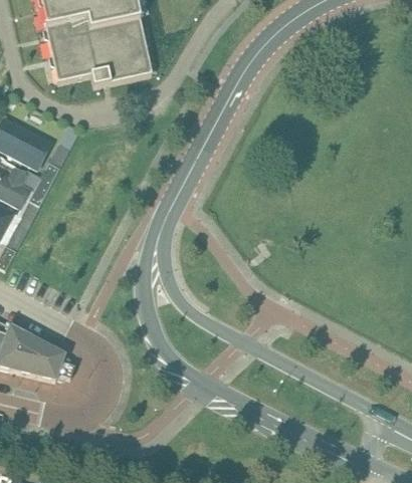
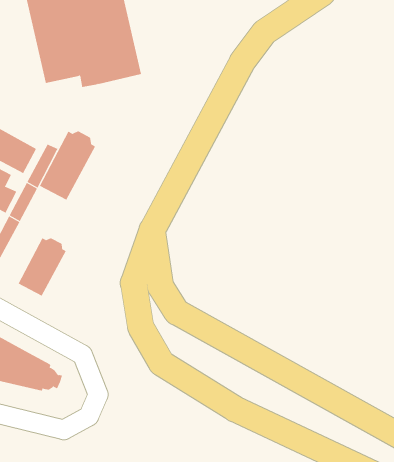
building: none -> [39,131,96,201]
building: none -> [18,237,67,296]

